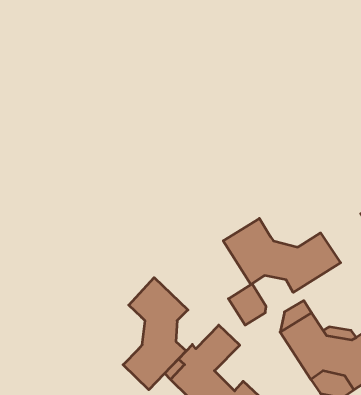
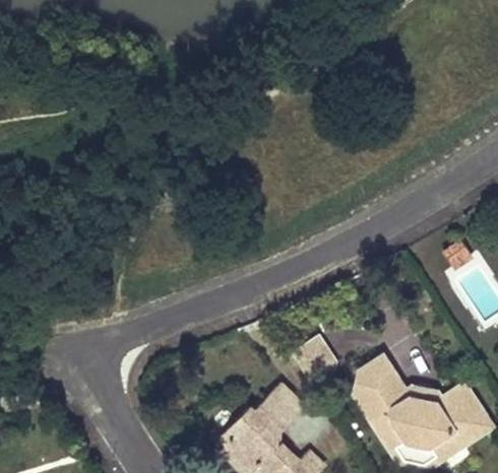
building: [223,218,341,292] -> none
building: [123,278,188,390] -> none

